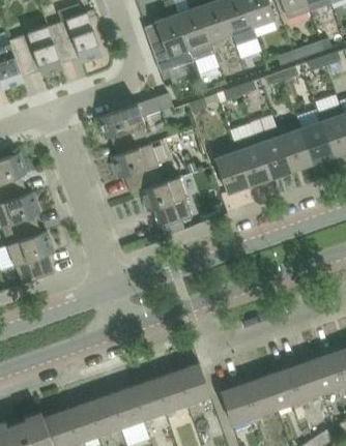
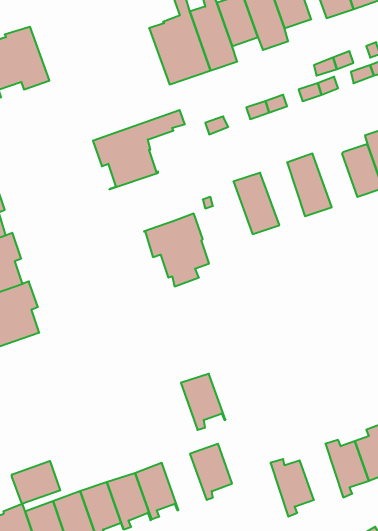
building: [48,11,103,69] -> none
building: [277,121,313,172] -> none
building: [234,136,270,186] -> none
building: [112,144,180,195] -> none
building: [266,363,301,409] -> none
building: [154,371,191,417] -> [181,374,226,430]
building: none -> [12,461,60,504]
building: [221,379,257,424] -> none

